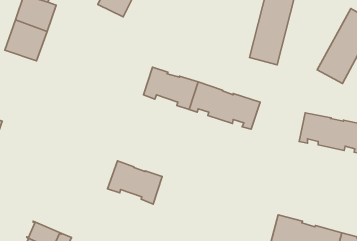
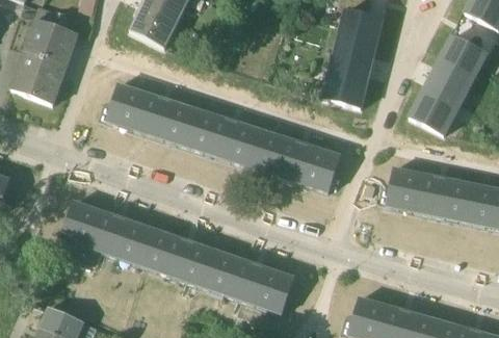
building: none -> [107,84,200,146]
building: none -> [63,203,155,265]
building: none -> [201,250,292,312]

